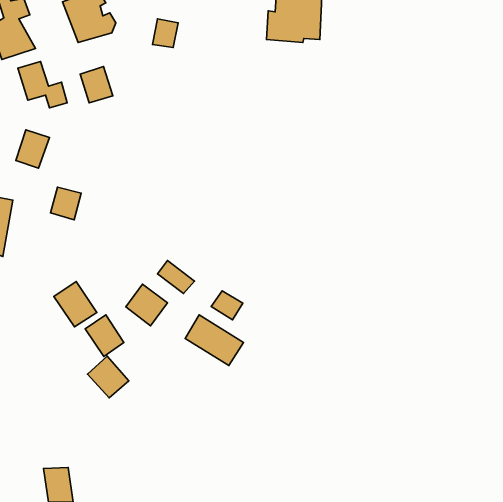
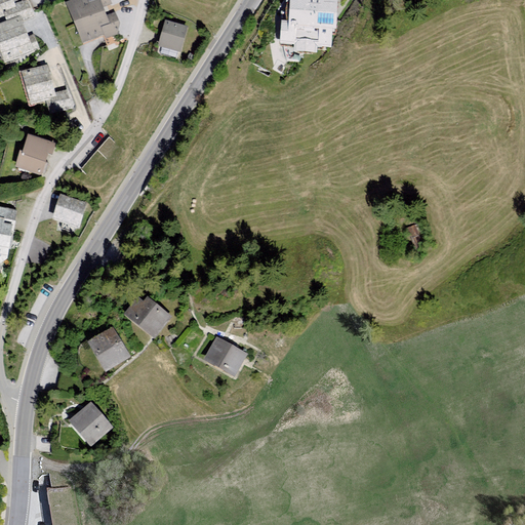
building: [80,66,113,103] -> none
building: [157,261,195,293] -> none
building: [54,281,97,327] -> none
building: [211,291,243,320] -> none
building: [87,356,129,398] -> [69,403,112,446]

